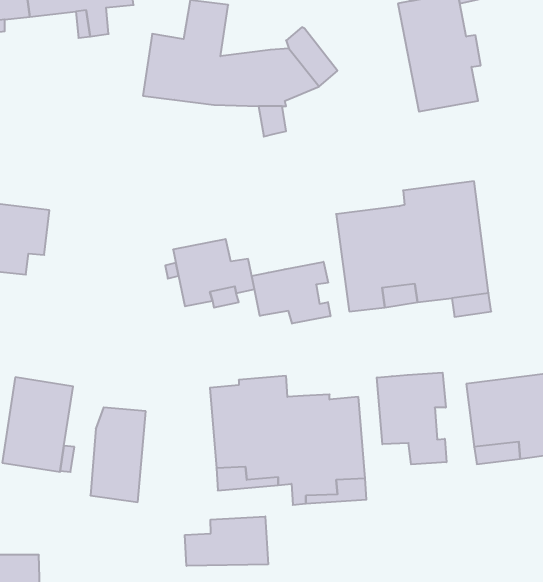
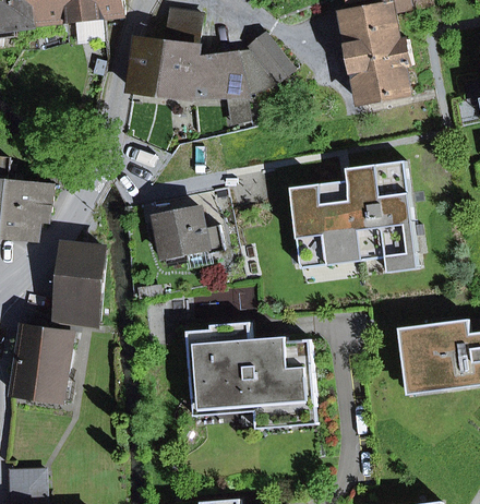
building: [252,262,330,324] -> none
building: [377,373,446,464] -> none
building: [90,407,146,502] -> [58,247,104,325]
building: [185,516,268,566] -> none

